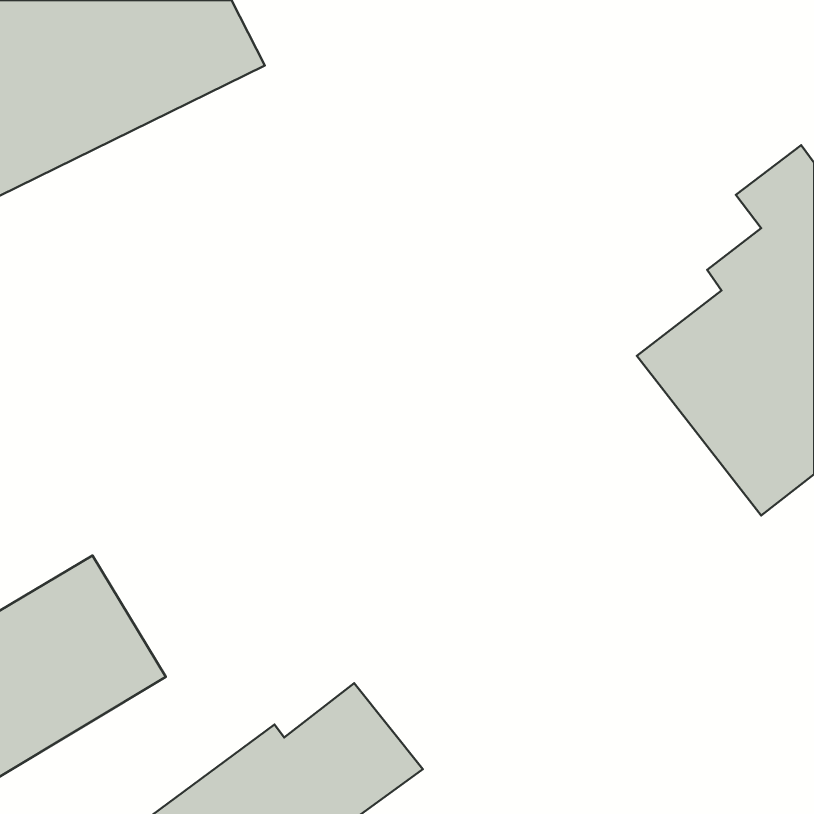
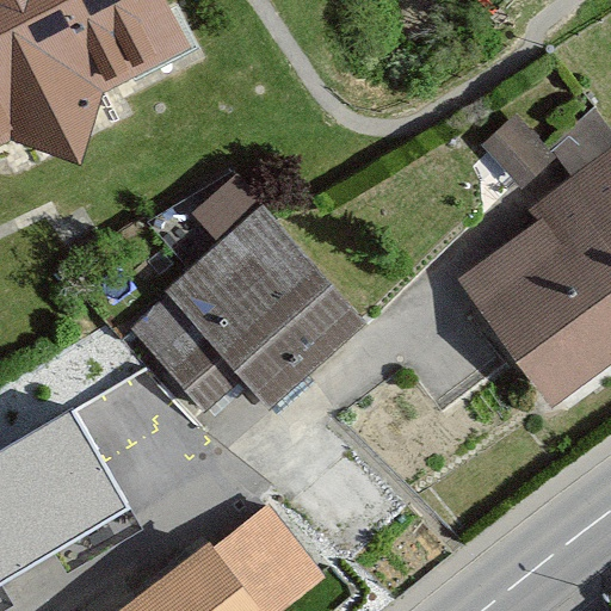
building: none -> [131,193,377,409]

